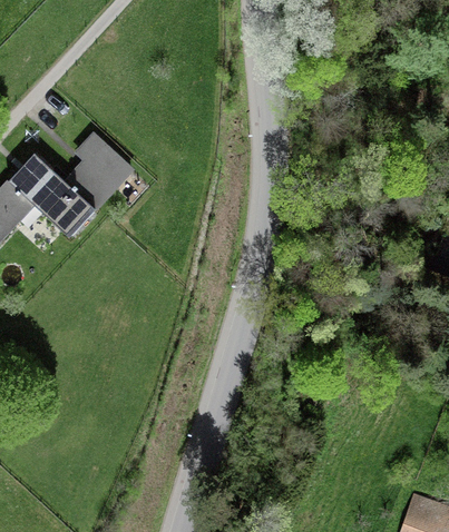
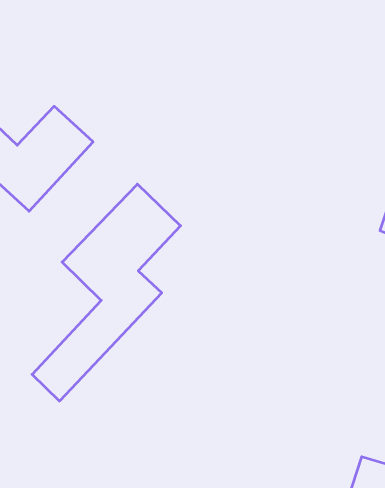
building: none -> [32,184,181,401]

